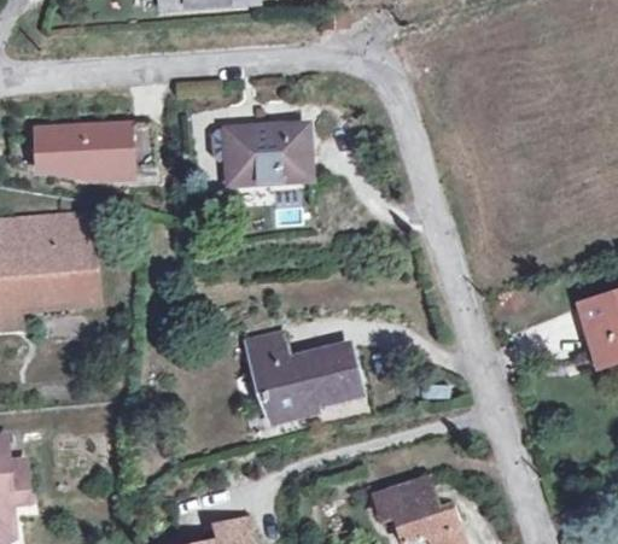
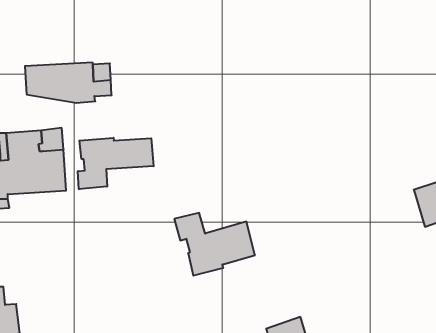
building: [226,124,310,183] -> none
building: none -> [78,138,154,189]

